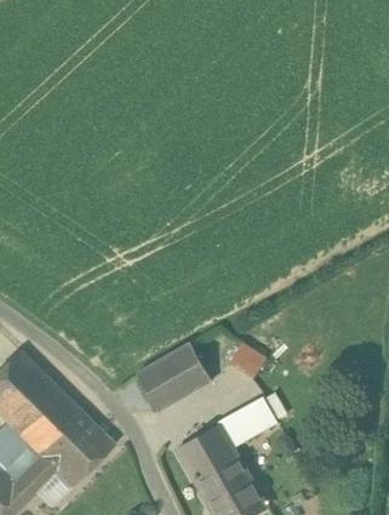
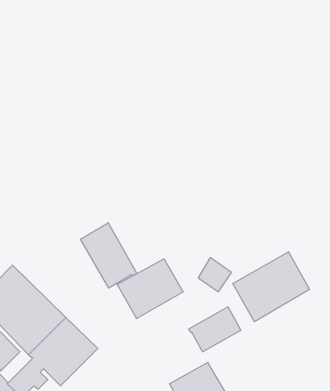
building: none -> [81,223,137,288]
building: none -> [233,252,309,322]
building: [176,425,239,483] -> none

